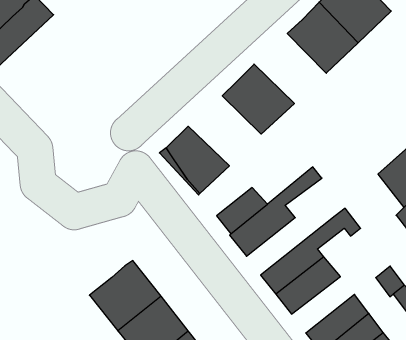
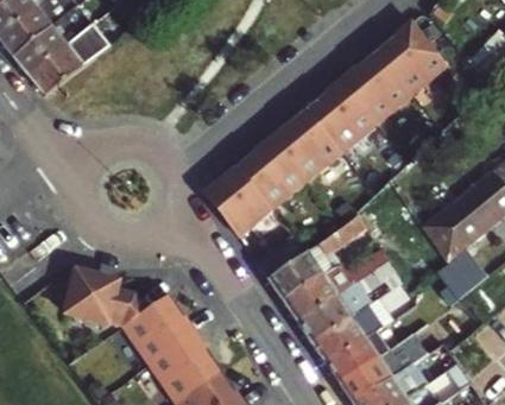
building: none -> [307,78,379,150]
building: none -> [235,137,309,208]
building: none -> [285,252,389,321]
building: none -> [67,273,147,329]
building: none -> [327,324,393,382]

